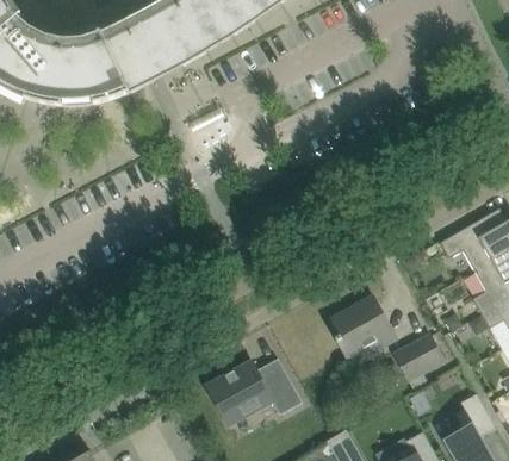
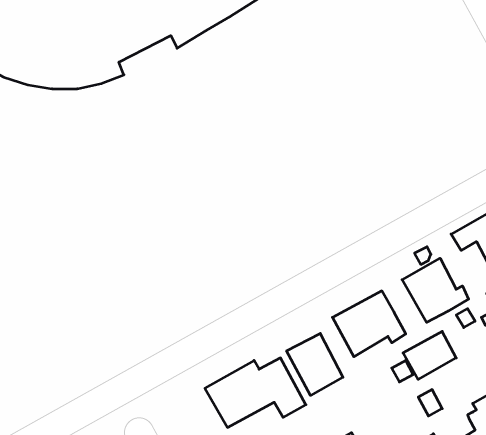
building: none -> [402,258,469,322]
building: none -> [287,333,343,395]

